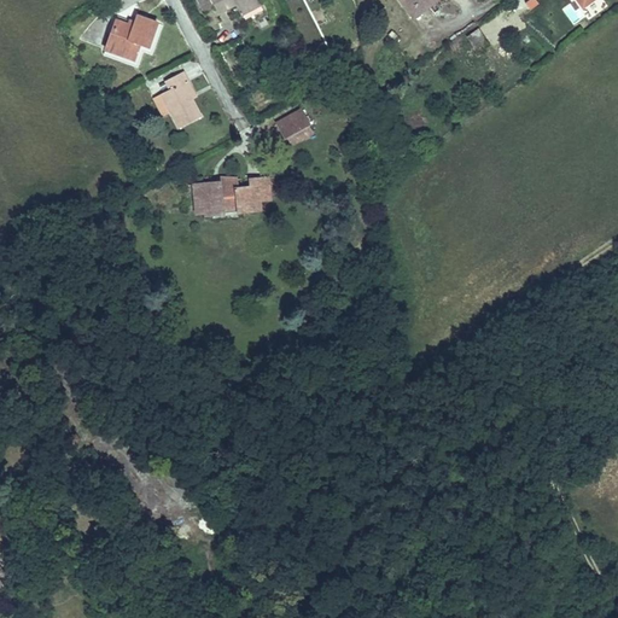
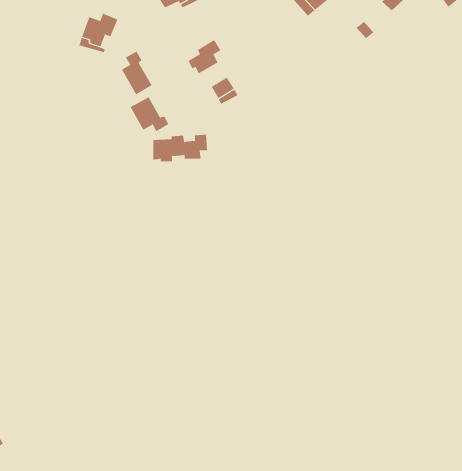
building: none -> [188,39,221,74]
building: none -> [130,96,169,132]

